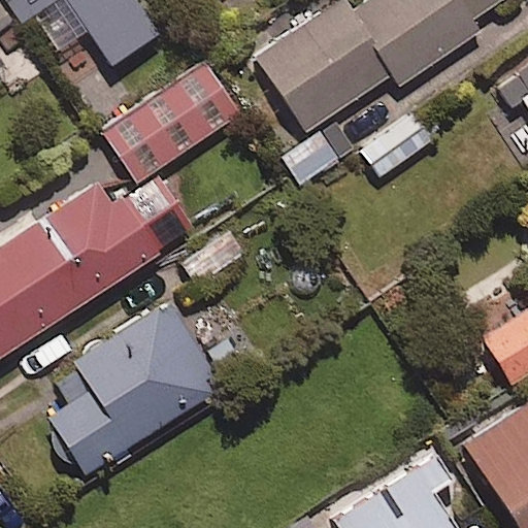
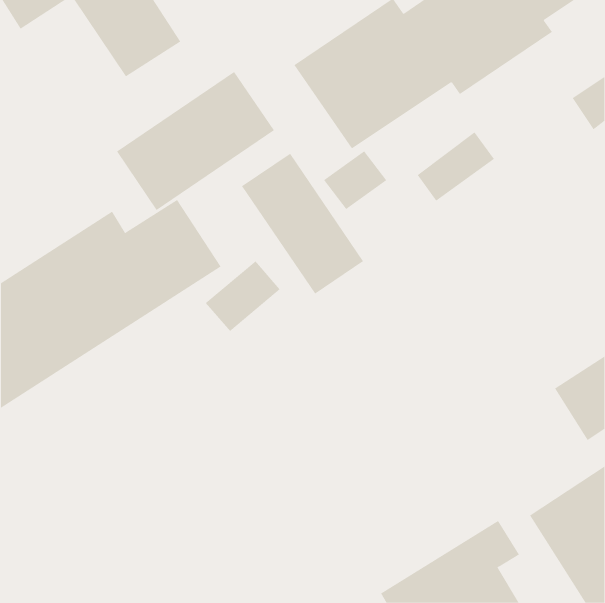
building: none -> [241,153,364,295]
building: [47,303,222,473] -> none

